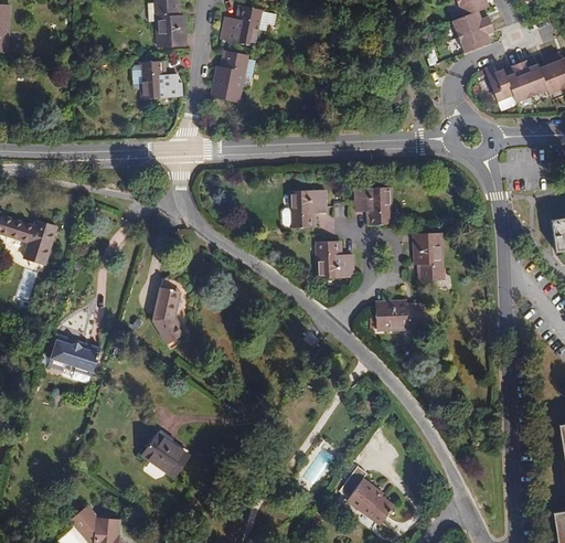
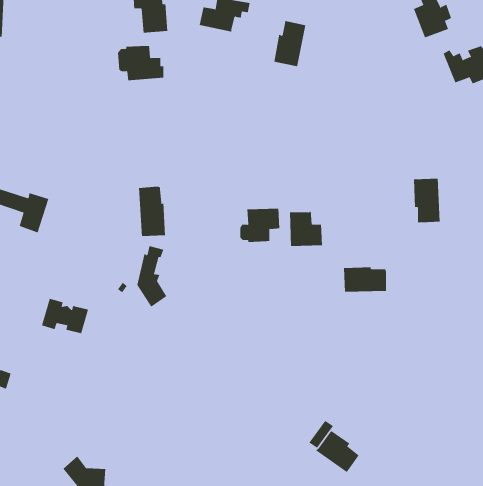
building: [212,51,247,102] -> [274,20,306,67]
building: [355,188,392,225] -> none
building: [282,191,327,228] -> [240,208,280,243]
building: none -> [138,186,165,237]
building: [413,233,443,281] -> [413,178,440,223]
building: [142,434,190,478] -> none

